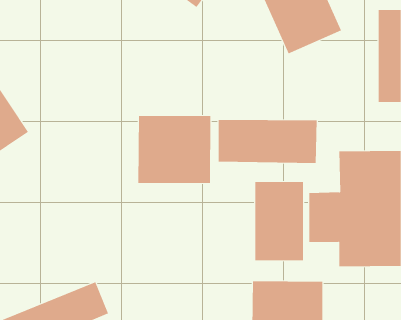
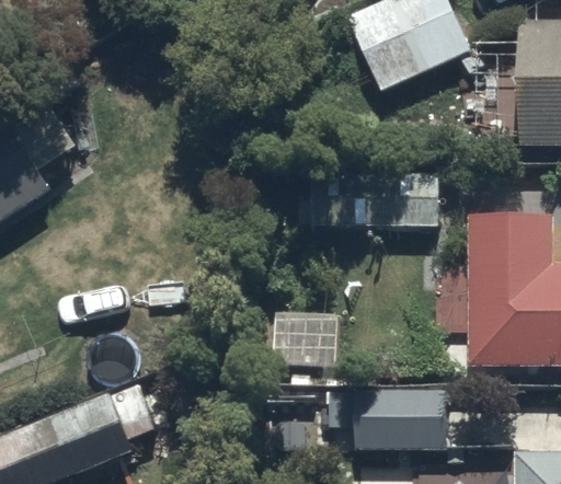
building: [138,115,211,184] -> none
building: [255,181,303,261] -> none

